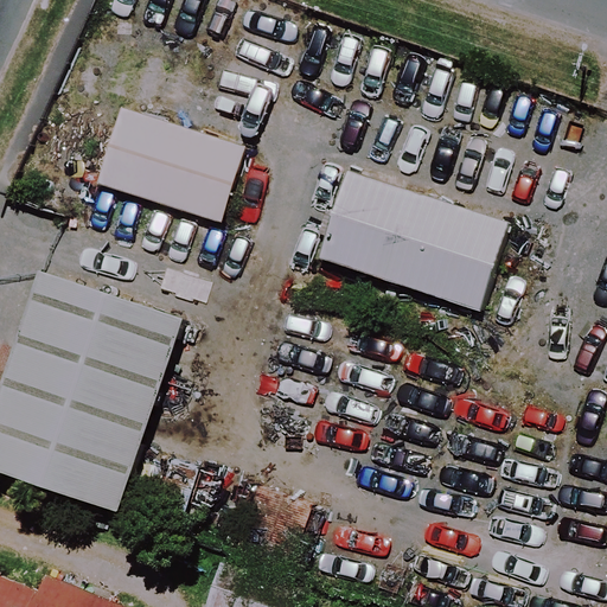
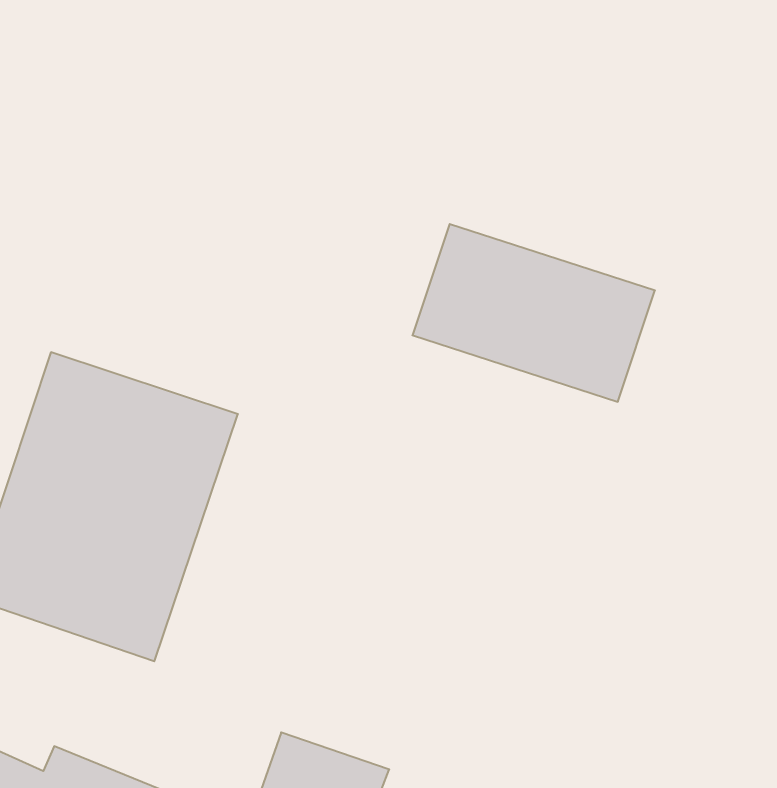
building: [96,109,241,221] -> none

